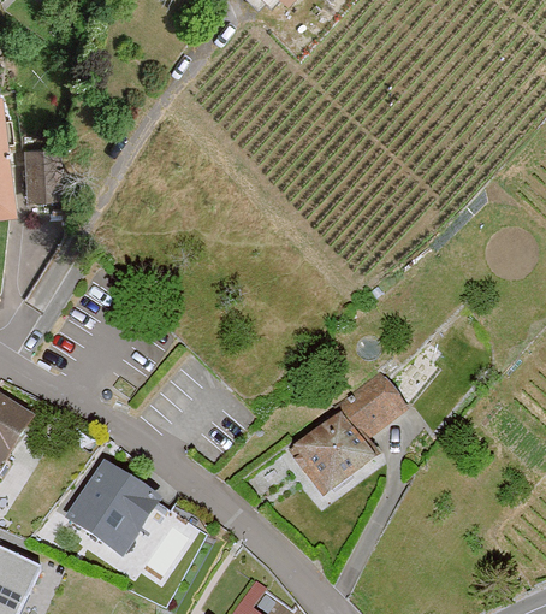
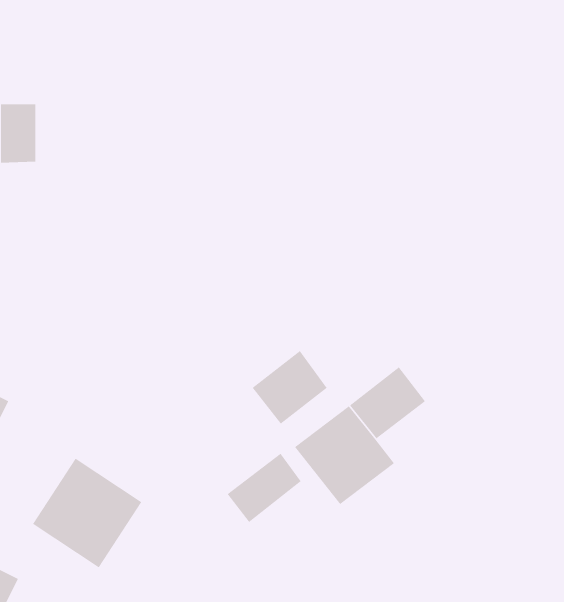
building: none -> [252,350,328,425]
building: none -> [227,453,302,523]

